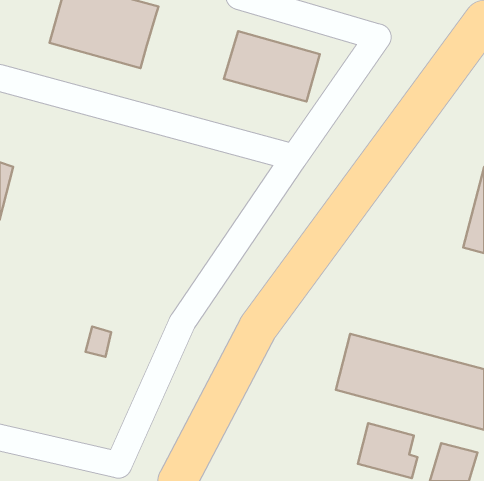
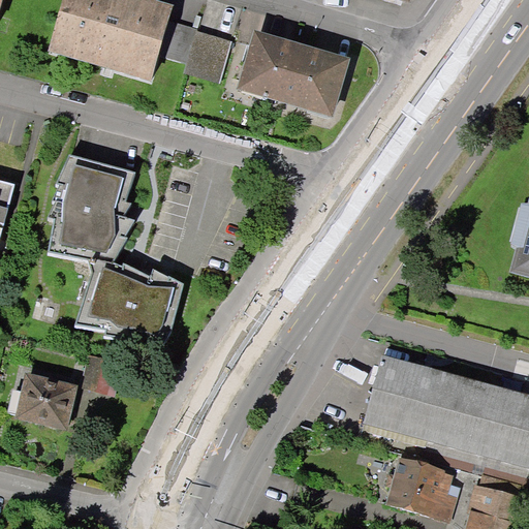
building: none -> [159,18,231,79]
building: none -> [45,150,133,261]
building: none -> [70,264,182,349]
building: none -> [9,375,74,425]

